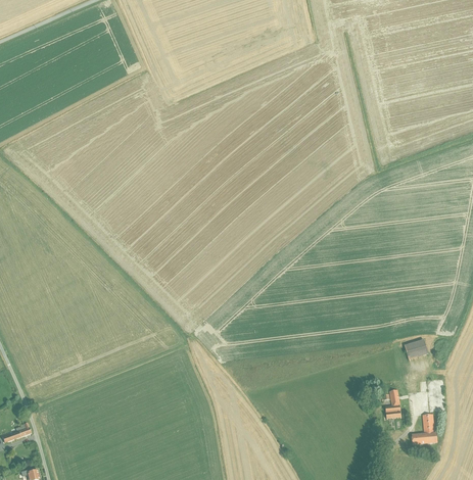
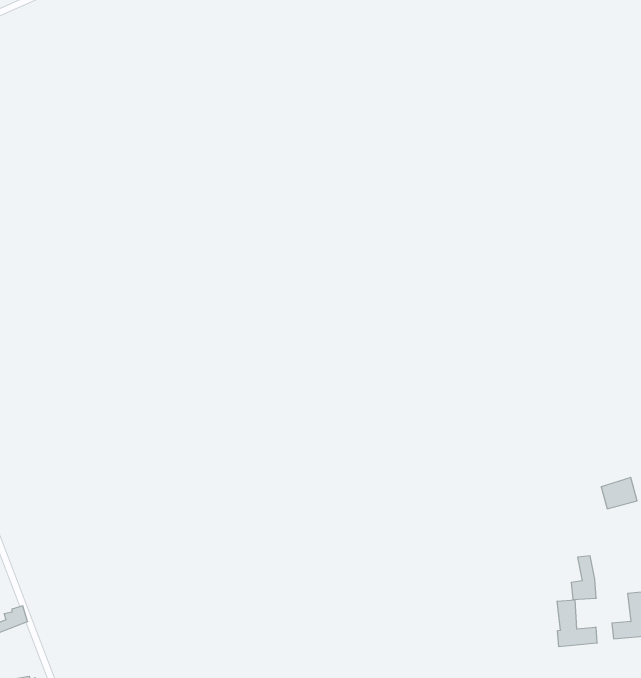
building: none -> [557,600,597,647]

